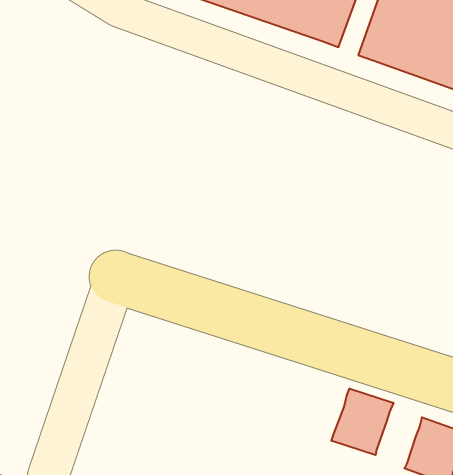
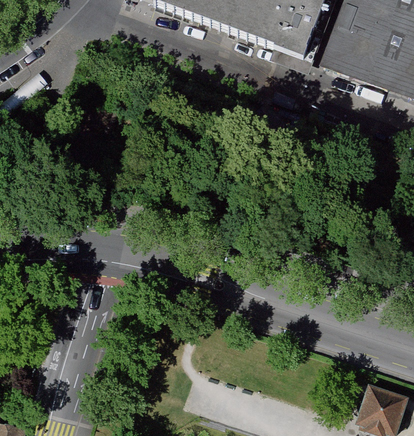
building: [331,389,393,455] -> none

